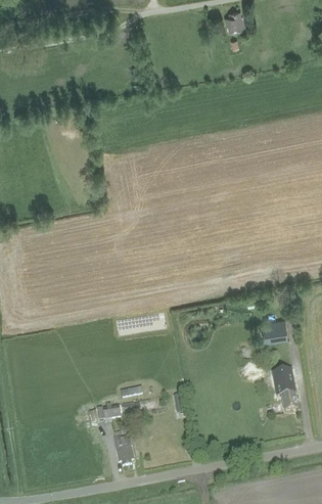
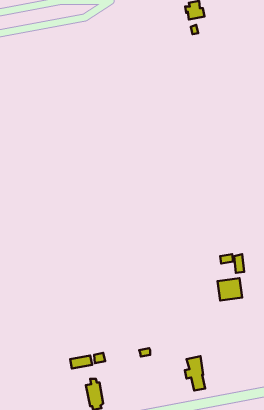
building: [274,373,296,411] -> [185,356,205,390]

